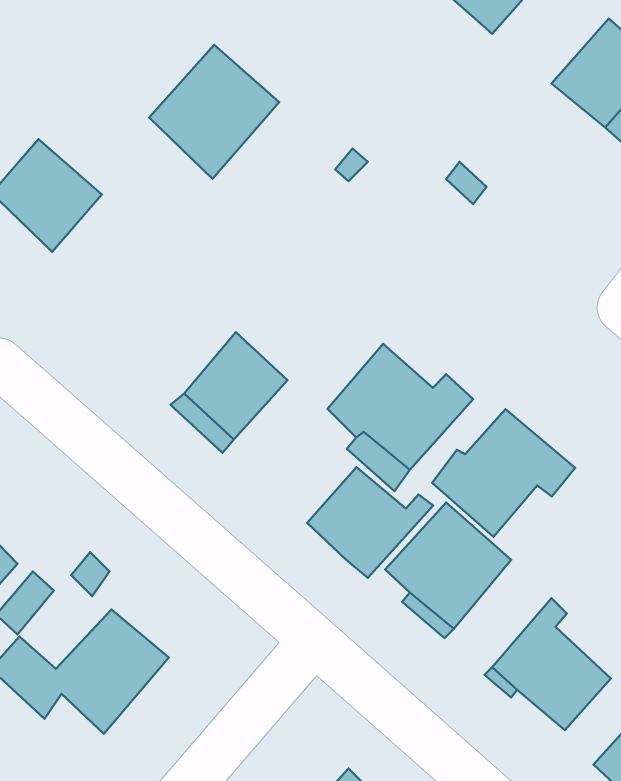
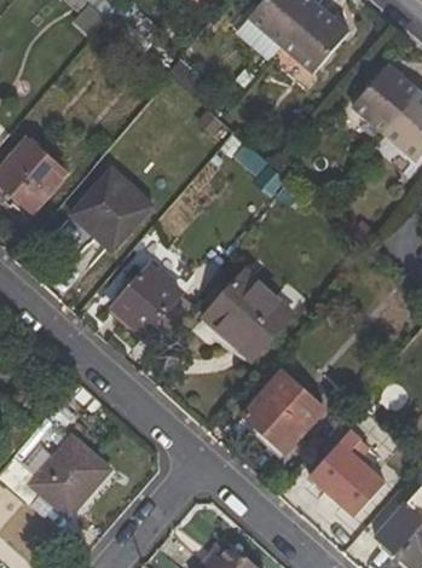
building: [149,45,279,179] -> [70,168,152,253]
building: [432,409,575,537] -> none
building: [307,467,433,578] -> none

